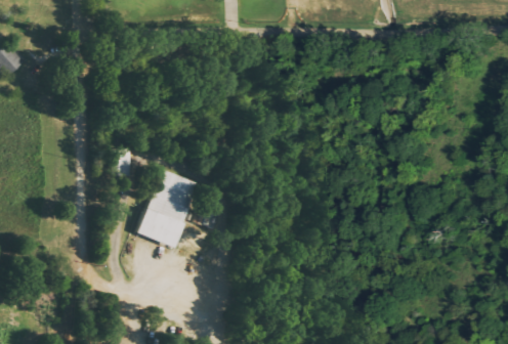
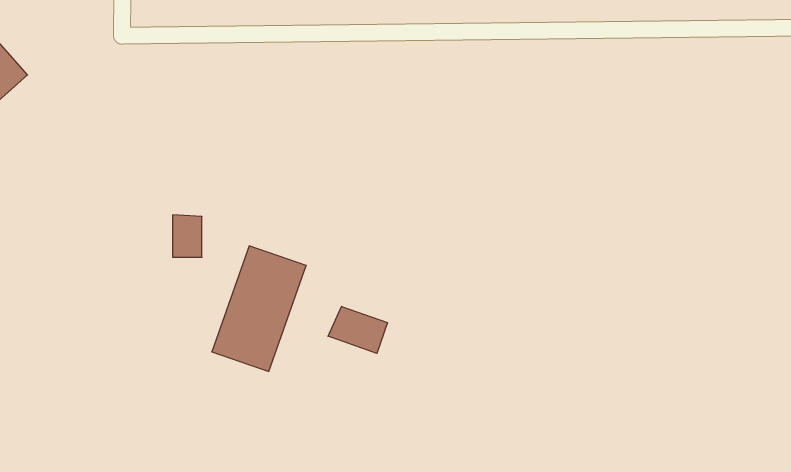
building: none -> [328,306,388,353]

